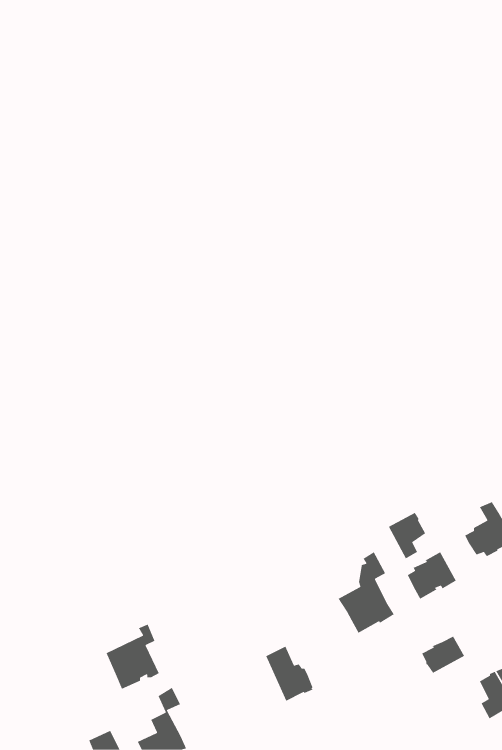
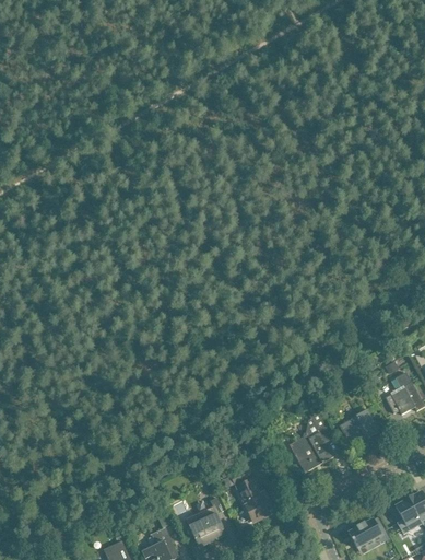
building: [388,512,426,560] -> none
building: [105,623,160,690] -> [186,497,226,546]
building: [421,636,465,674] -> [349,518,381,547]

